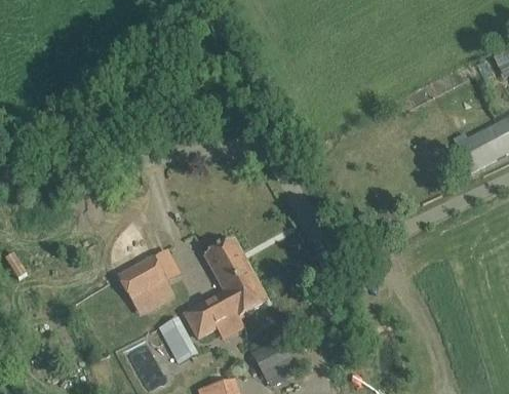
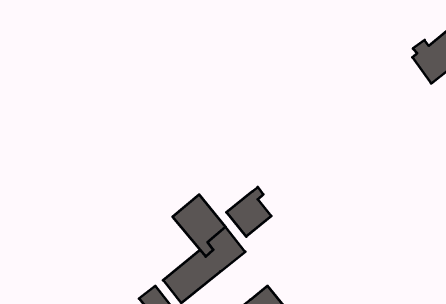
building: none -> [226,187,271,237]
building: [118,255,169,303] -> none

